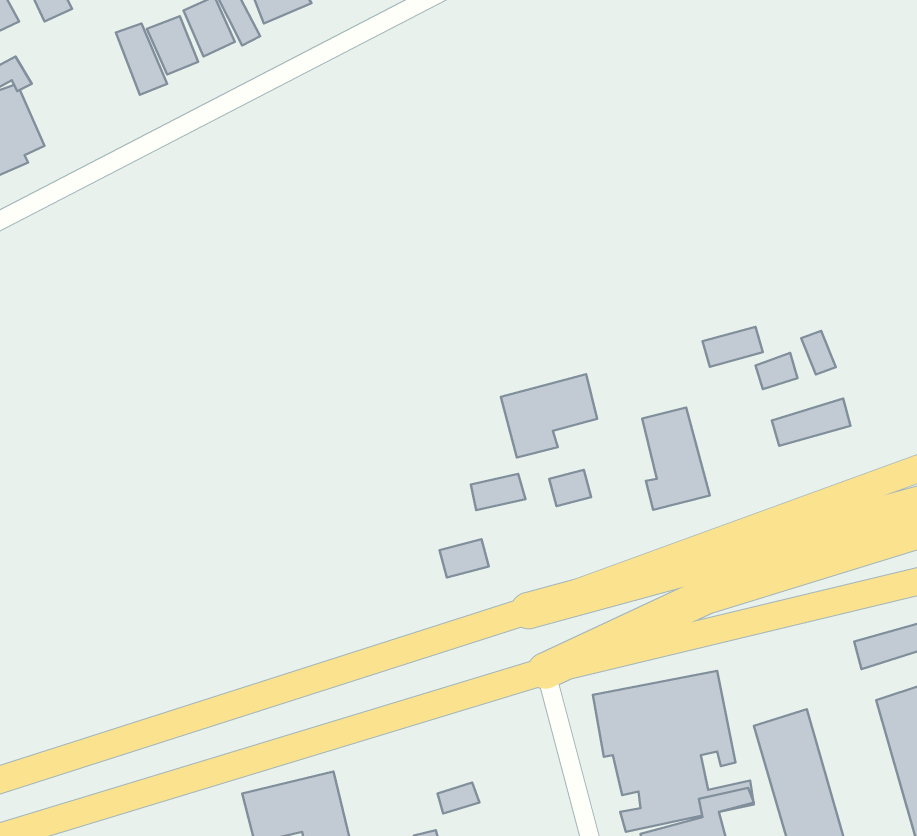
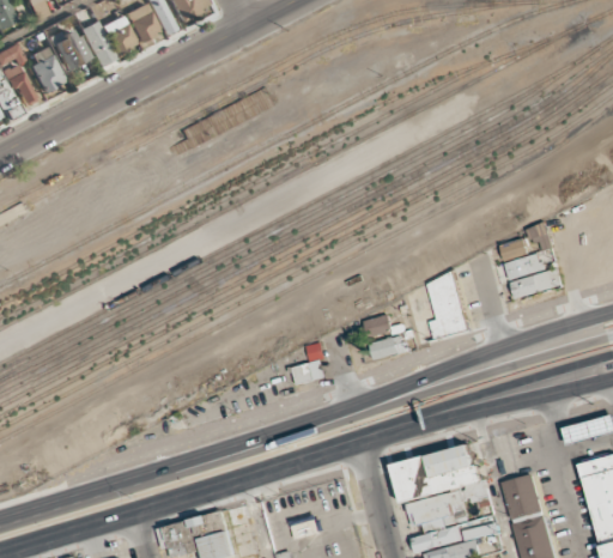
building: none -> [48,29,85,71]
building: none -> [26,48,61,93]
building: [702,327,763,367] -> [503,254,542,280]
building: [501,374,597,458] -> none
building: [471,474,526,510] -> [369,336,405,360]

